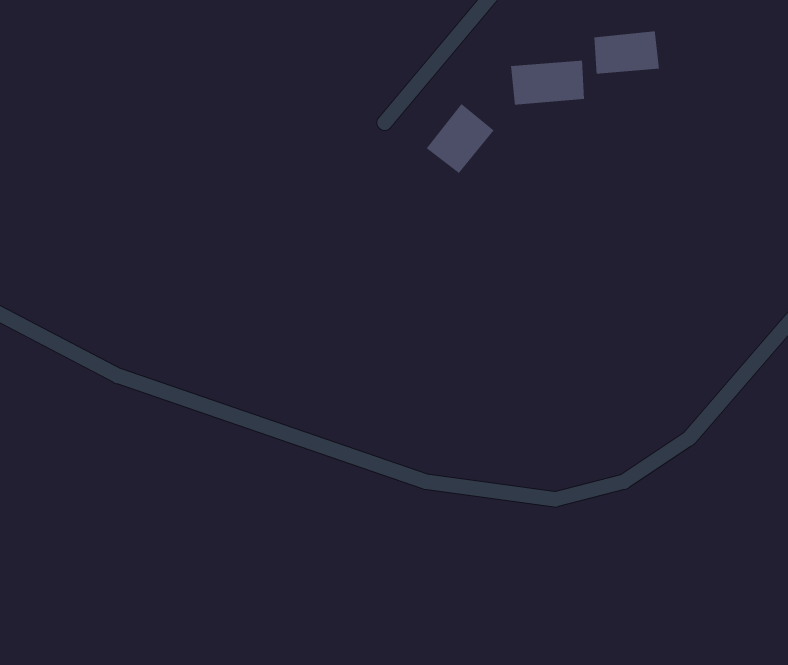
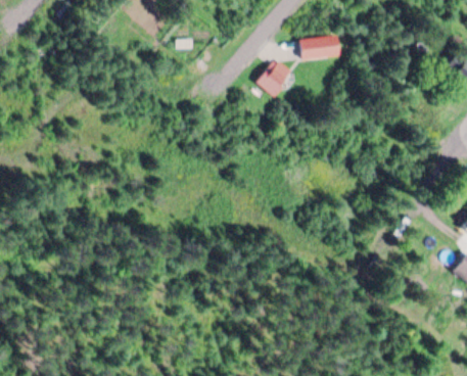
building: [594,31,659,74] -> none

